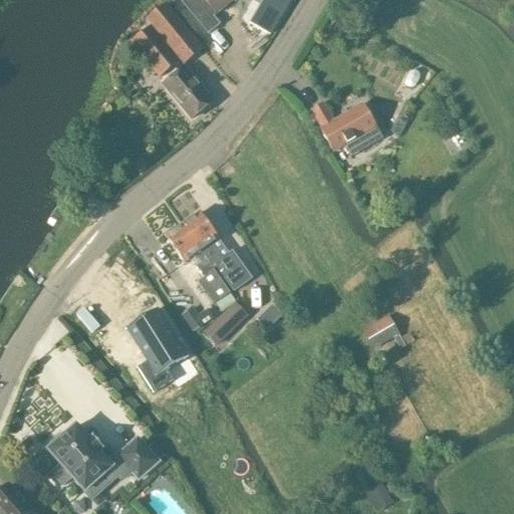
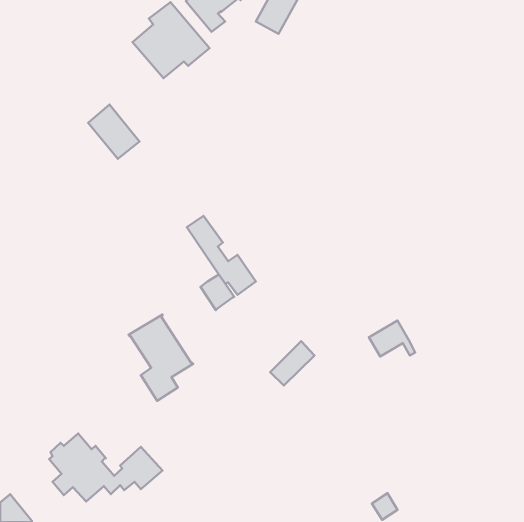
building: [164,64,214,117] -> [88,104,139,159]
building: [311,100,384,156] -> none
building: [167,222,215,275] -> none
building: [205,301,248,344] -> [270,341,315,385]

